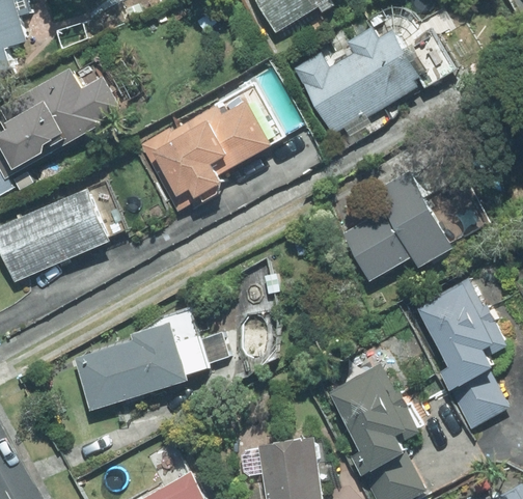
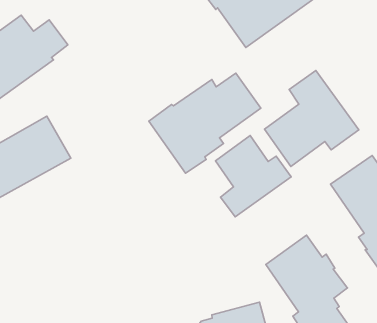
building: [139,100,273,211] -> [149,73,261,173]
building: none -> [215,135,291,217]
building: [73,322,208,411] -> none

